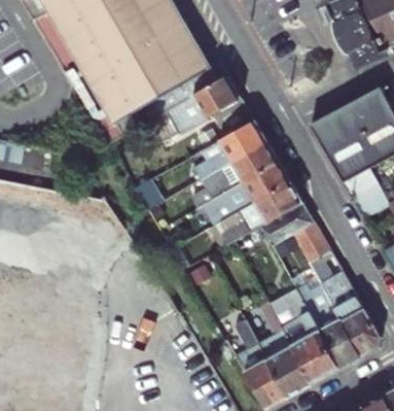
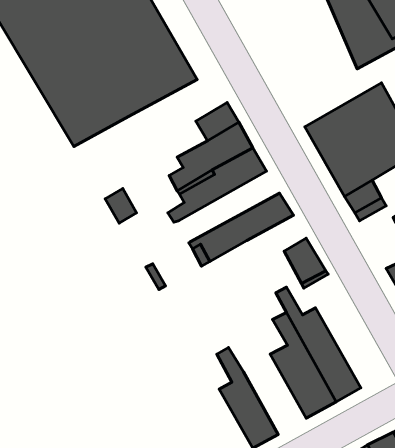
building: [156,73,241,135] -> none
building: [201,161,290,224] -> none
building: [261,200,314,243] -> none
building: [322,269,382,353] -> none
building: [253,288,314,395] -> none

